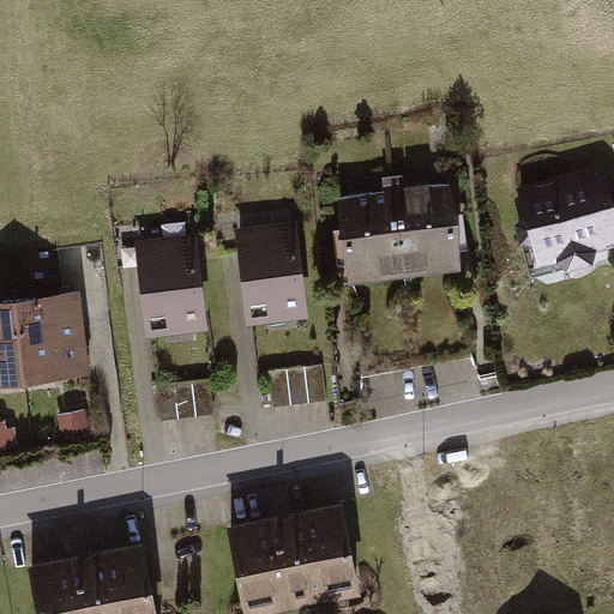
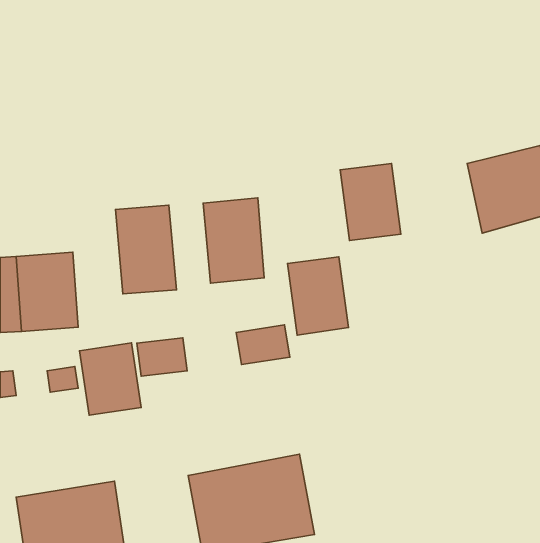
building: [331,194,399,282] -> [287,257,348,335]
building: none -> [79,343,141,415]

